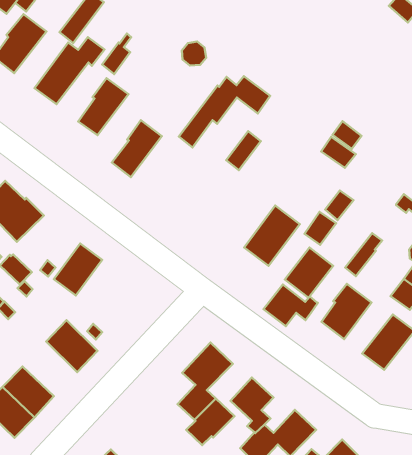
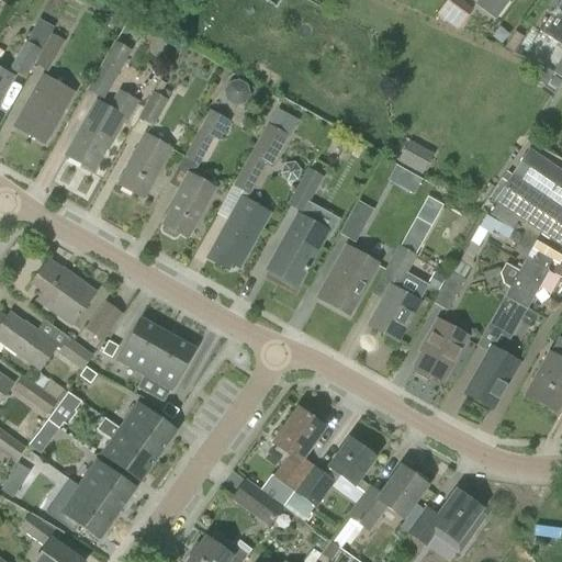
building: none -> [184,109,229,164]
building: none -> [210,196,270,267]
building: none -> [339,200,373,241]
building: none -> [270,214,327,283]
building: none -> [85,300,123,341]
building: none -> [145,330,193,386]
building: [263,285,318,326] -> none
building: none -> [98,418,158,481]
building: none -> [231,477,284,527]

